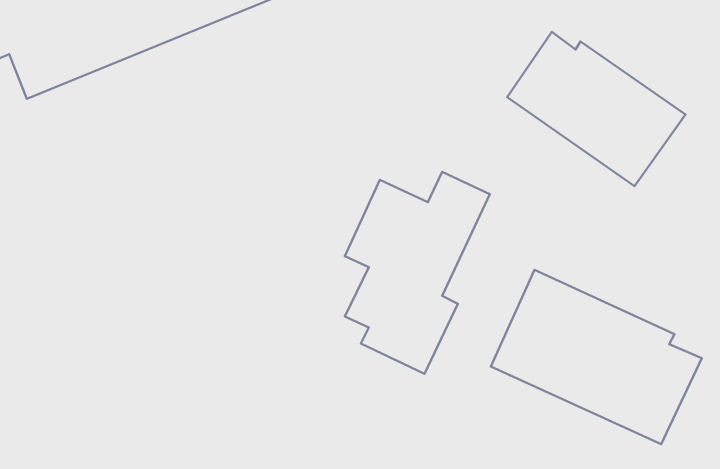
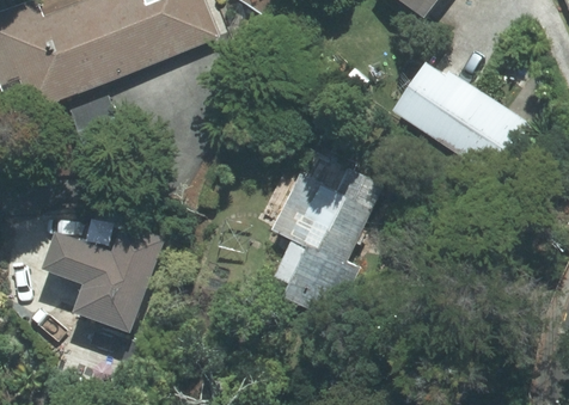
building: none -> [57,222,166,332]
building: [491,270,702,444] -> none

